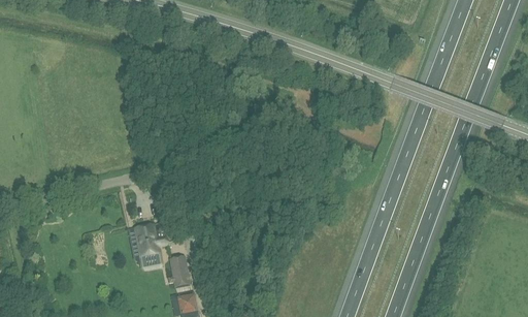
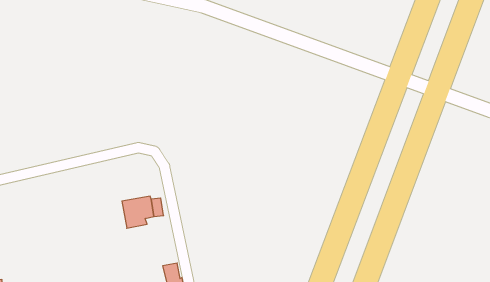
building: [168,254,188,285] -> none

